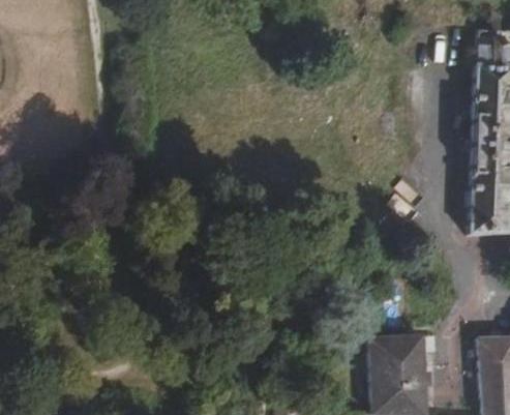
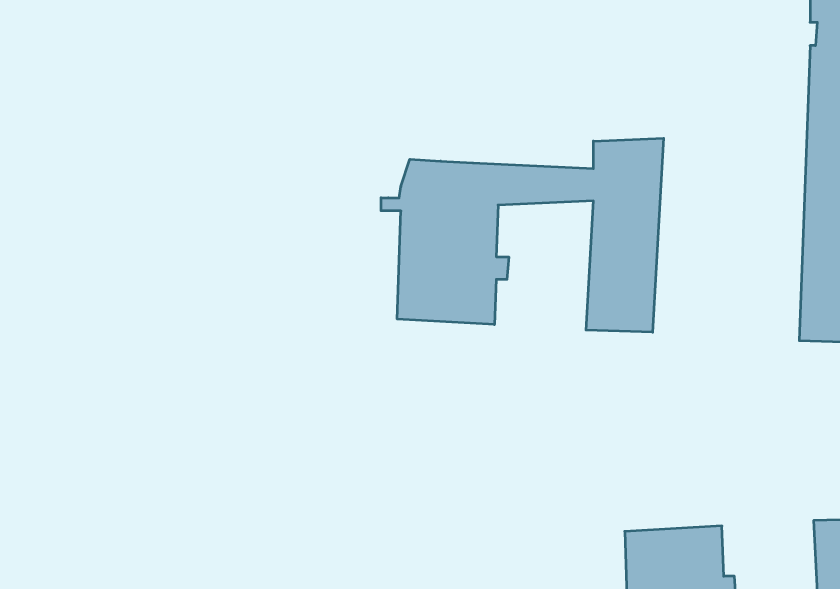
building: none -> [381,138,664,332]

